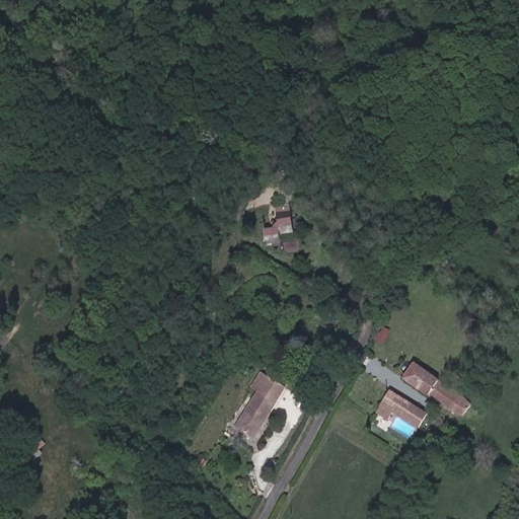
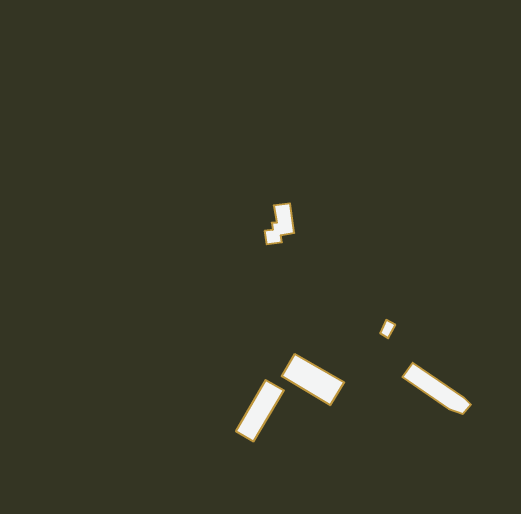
building: none -> [282,354,344,405]
building: [374,388,423,430] -> none

